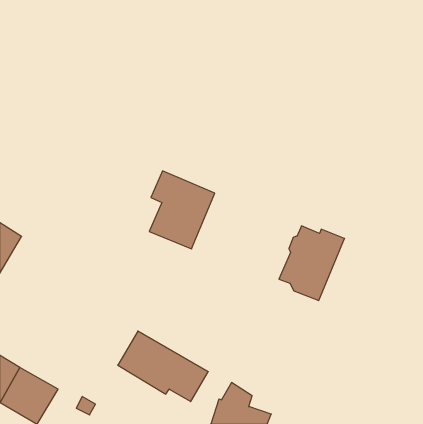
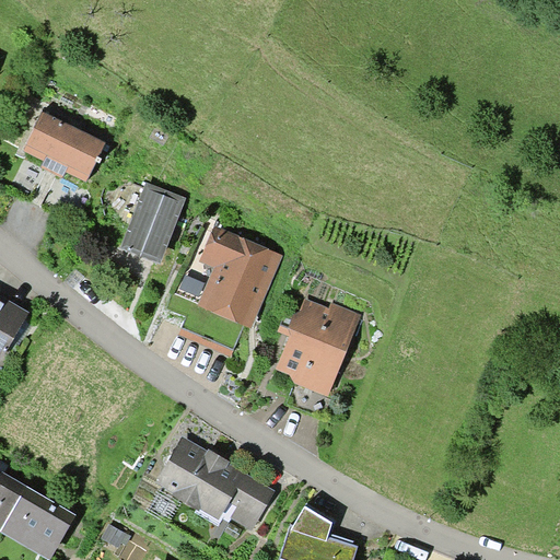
building: none -> [22,109,106,182]
building: none -> [120,183,186,261]
building: [279,226,345,301] -> [275,298,361,396]

